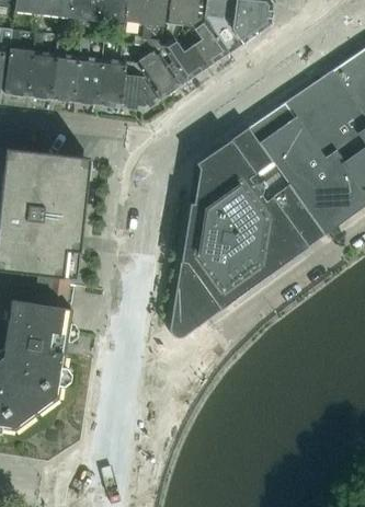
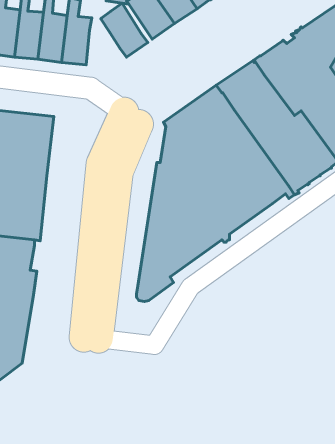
building: [121,73,160,111] -> none

